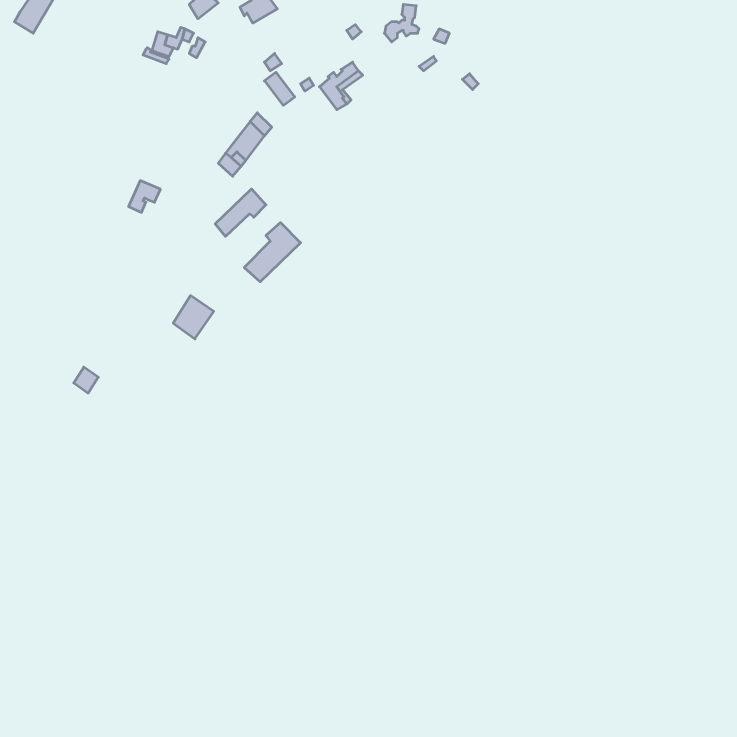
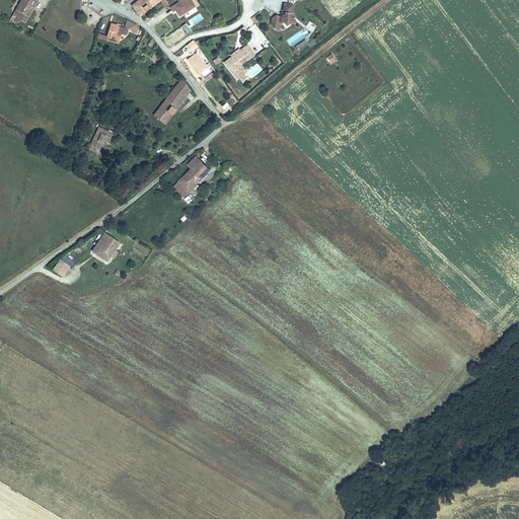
building: [215,189,266,236] -> none
building: [173,296,214,339] -> [91,231,120,262]

